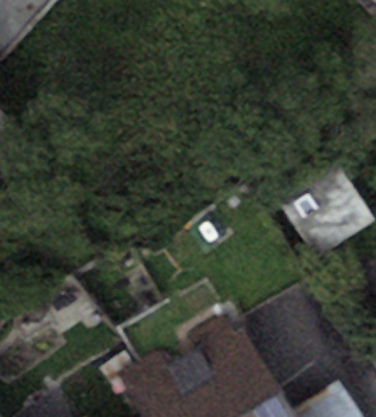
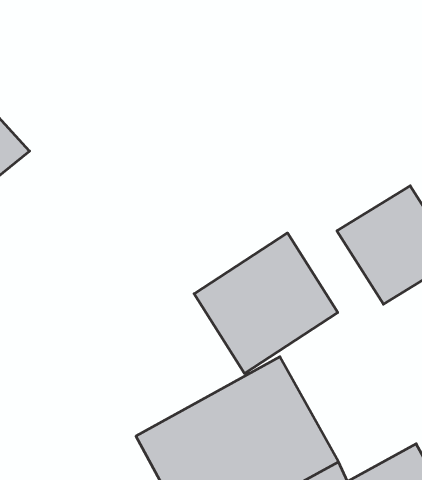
building: none -> [194,233,338,373]

